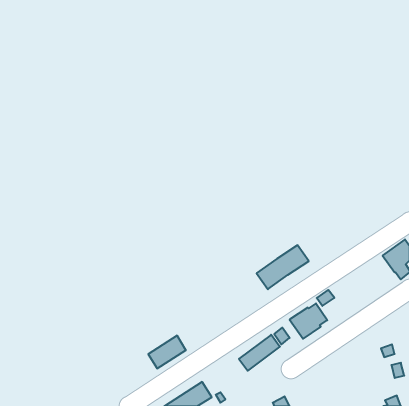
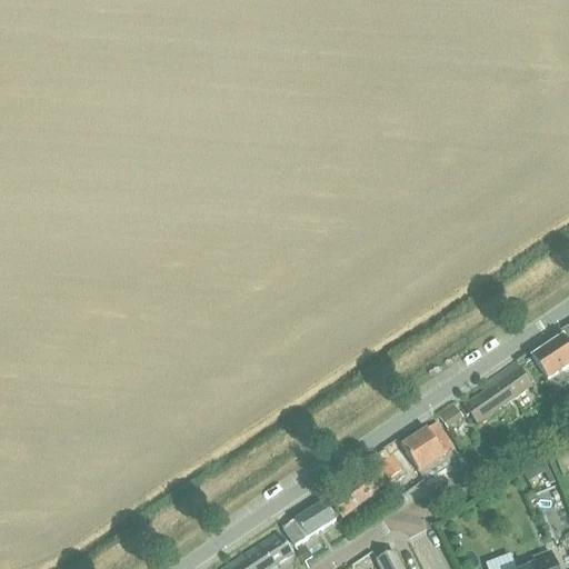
building: [257,245,309,289] -> [460,361,532,422]
building: [148,336,186,368] -> [284,499,337,545]

